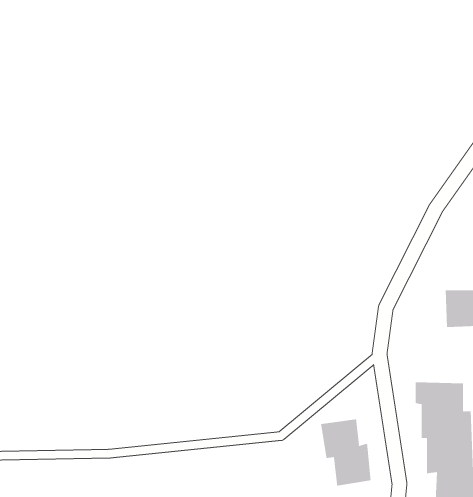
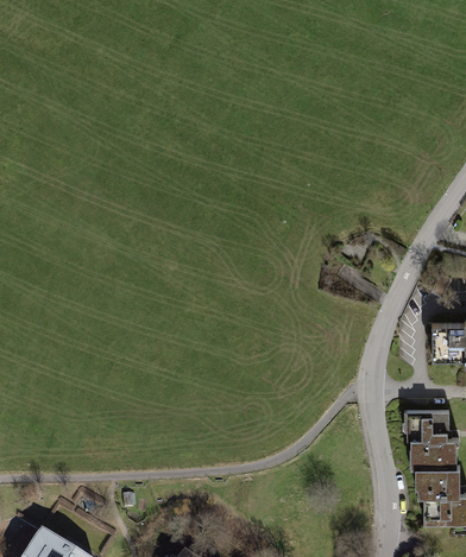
building: [321,419,371,487] -> none

